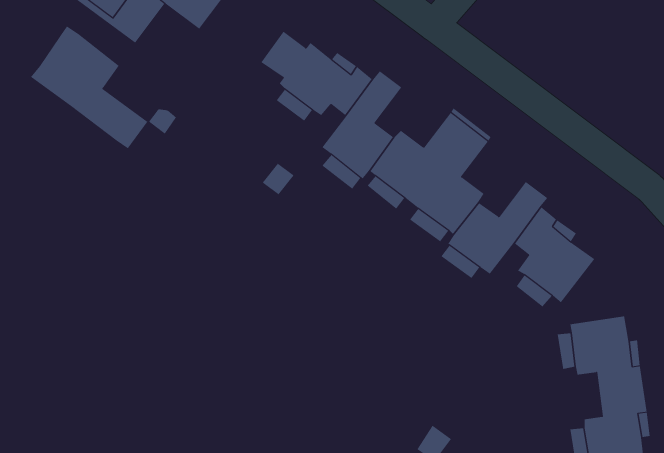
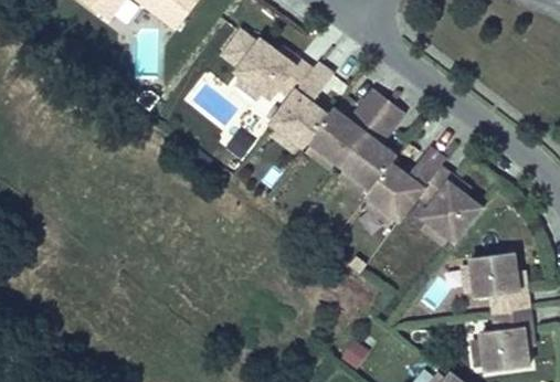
building: [30,25,148,149] -> none

